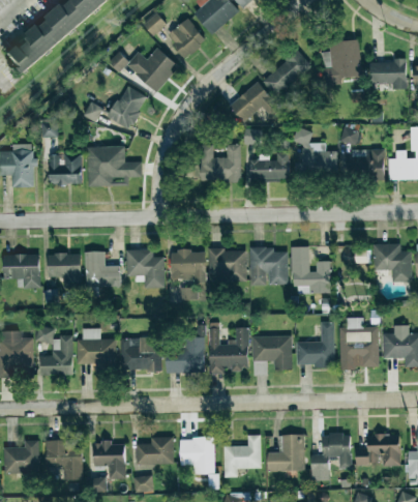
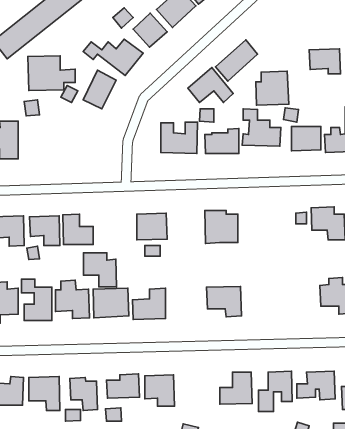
building: [323,40,361,80] -> [256,71,289,105]
building: [87,146,142,186] -> [28,56,75,91]
building: [49,155,82,185] -> none
building: [291,246,330,293] -> none
building: [126,249,165,289] -> [84,253,117,287]
building: [209,249,246,283] -> none
building: [339,318,379,368] -> none
building: [296,322,334,368] -> none
building: [210,328,248,375] -> none
building: [223,436,261,477] -> none

